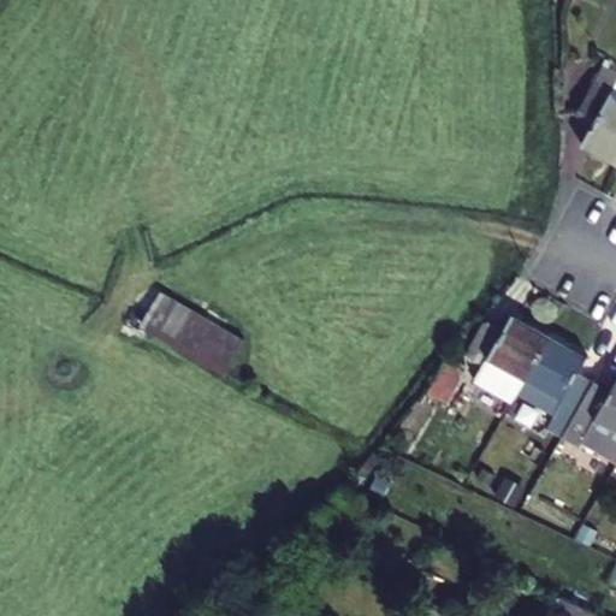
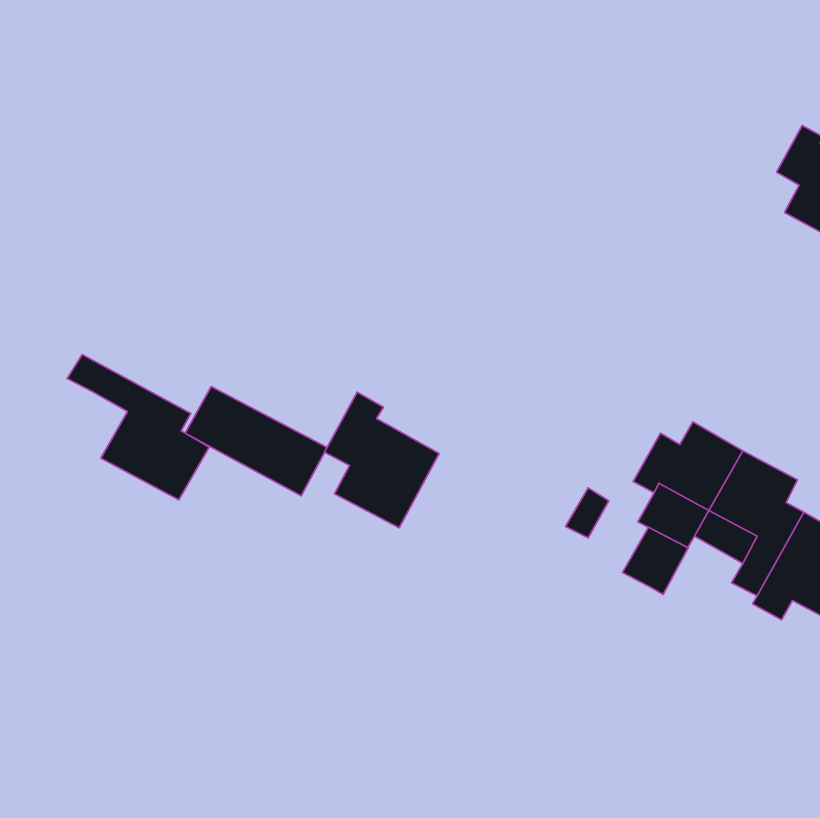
building: none -> [67,355,209,500]
building: none -> [325,392,439,528]
building: none -> [623,527,688,594]

